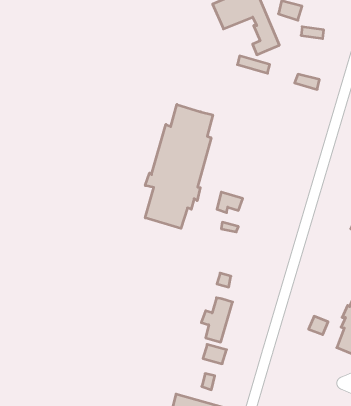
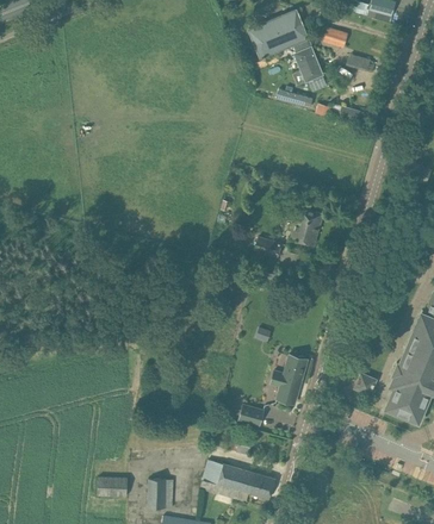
building: [145,104,213,228] -> none
building: none -> [291,207,323,245]
building: [201,298,233,342] -> [273,355,308,404]

